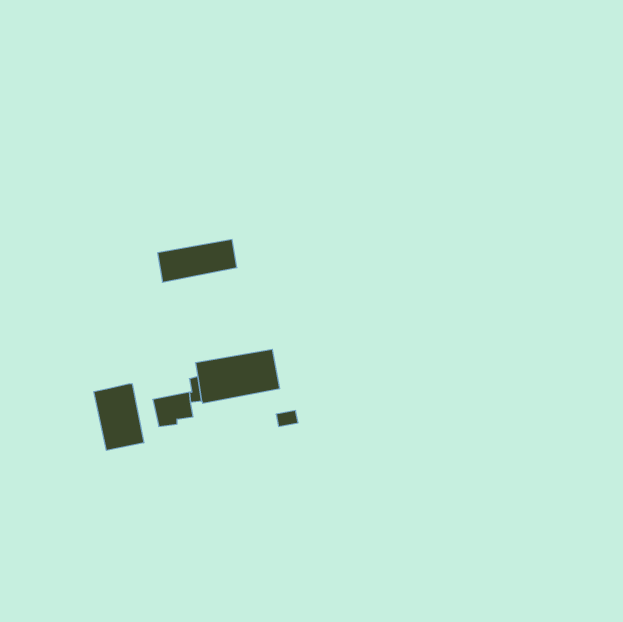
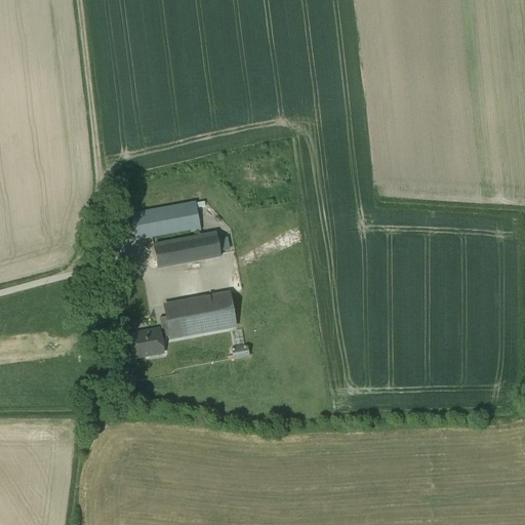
building: none -> [154,232,223,266]
building: [94,384,144,450] -> none

